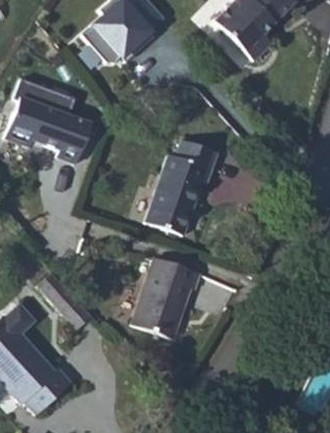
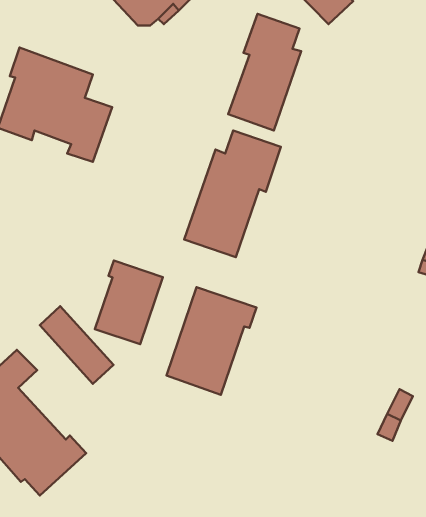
building: none -> [228,14,301,130]
building: none -> [95,260,163,344]

